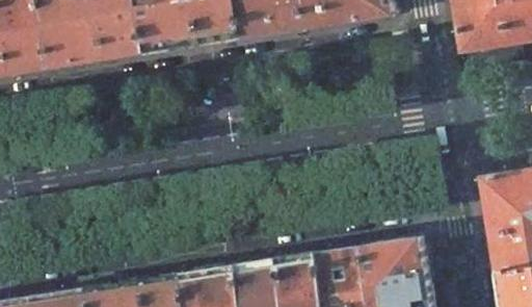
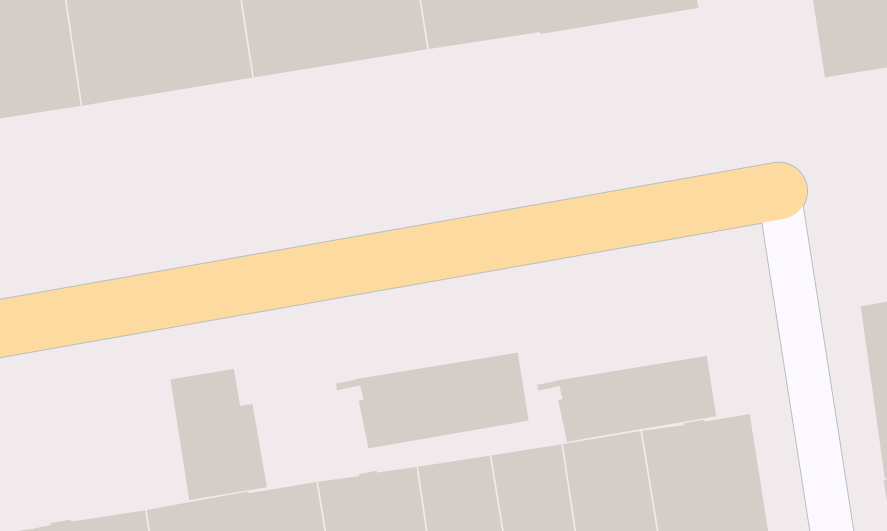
building: none -> [336,352,529,449]
building: none -> [537,355,717,443]
building: none -> [170,368,268,501]

